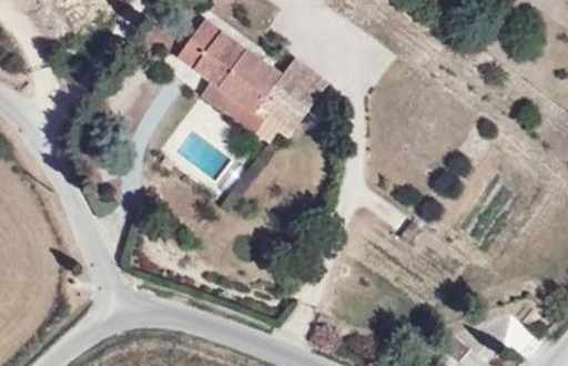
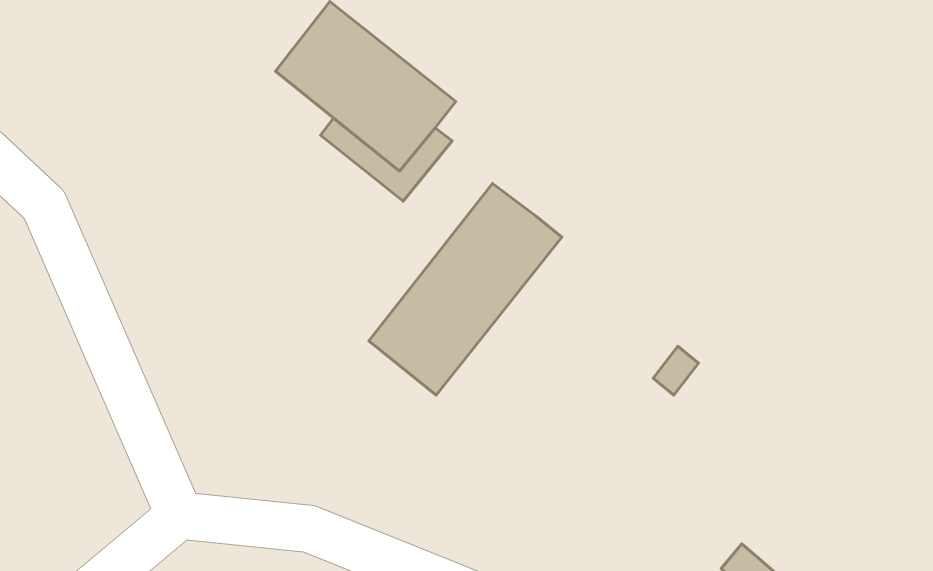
building: none -> [369,183,562,395]

